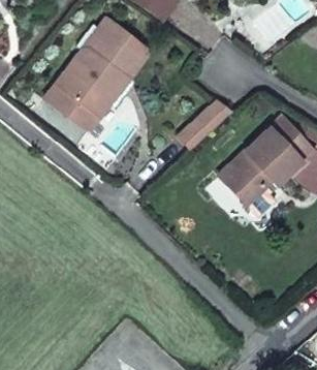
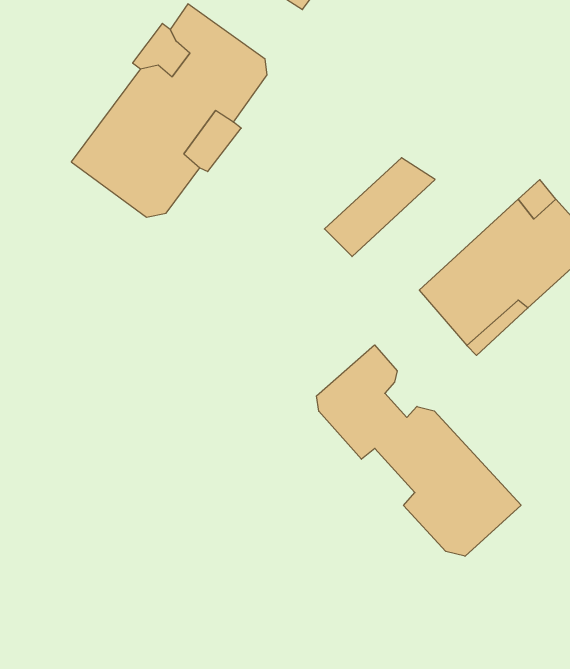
building: none -> [317,345,521,556]

